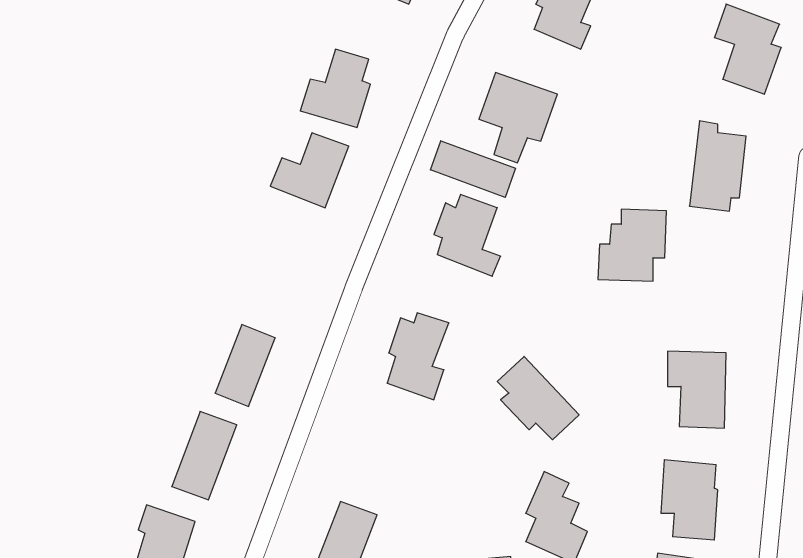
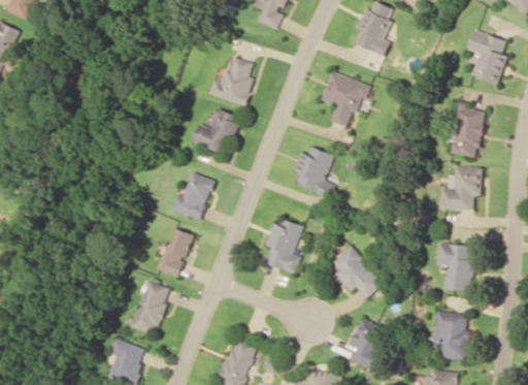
building: [430,141,516,197] -> none
building: [598,209,666,281] -> [439,166,482,211]
building: none -> [170,172,212,220]

